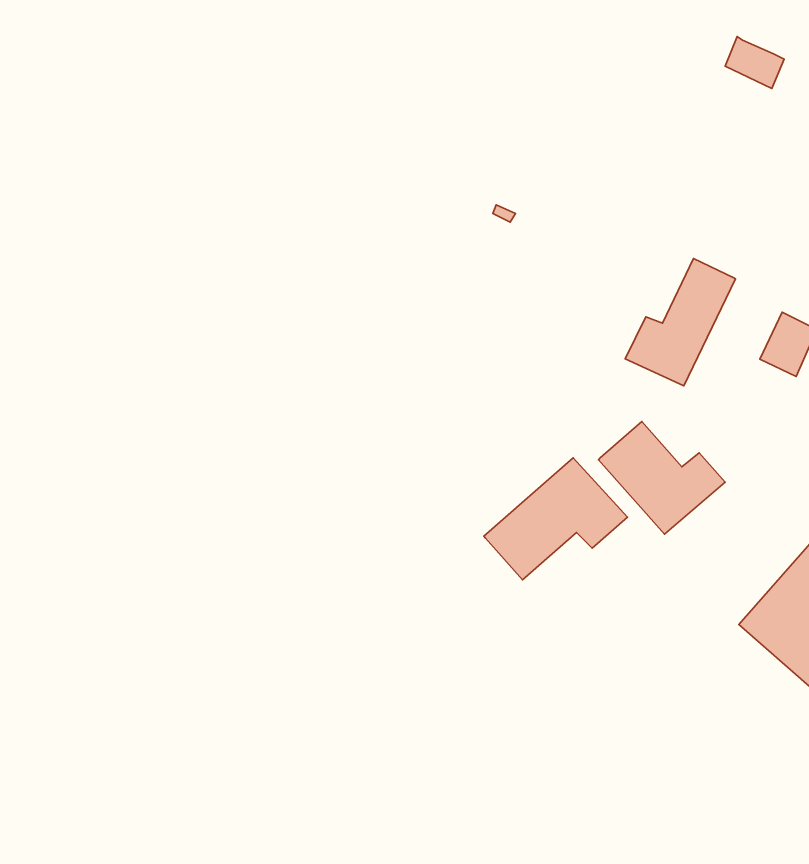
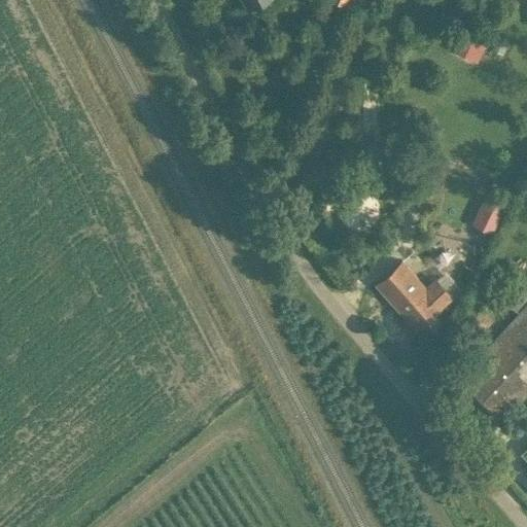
building: [625,259,736,386] -> none
building: [484,458,627,580] -> none

